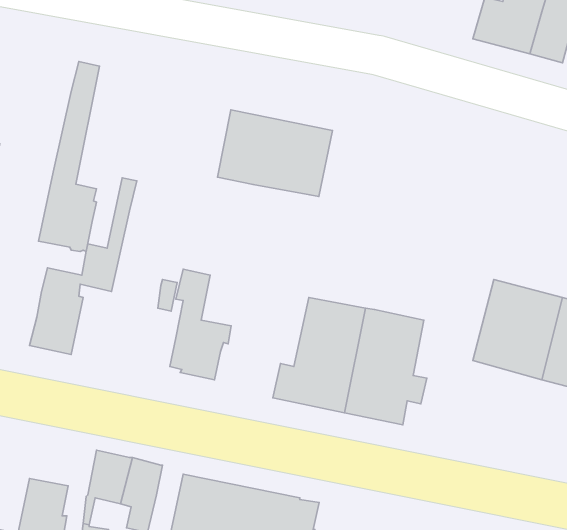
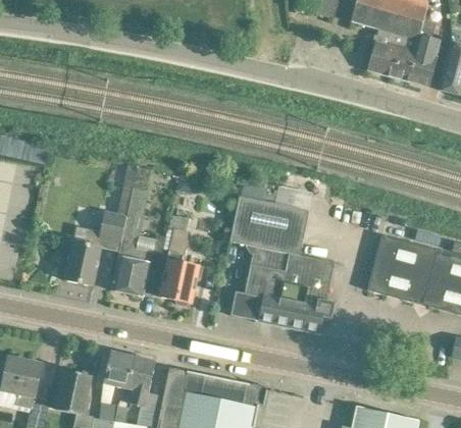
building: [38,62,100,252] -> [110,167,152,297]
building: [217,110,332,196] -> [231,196,309,255]

